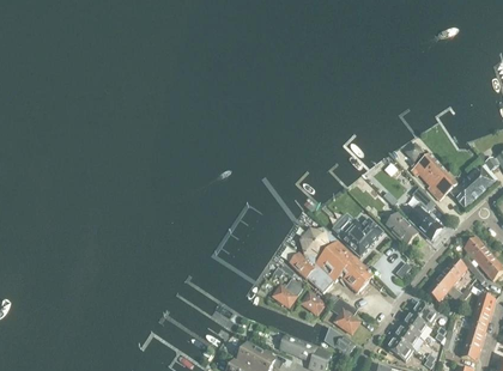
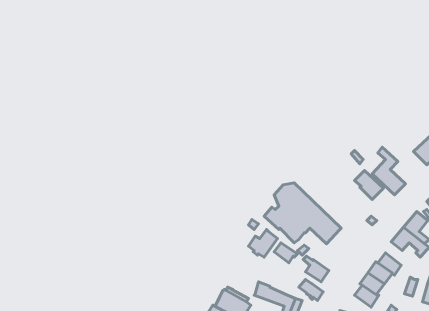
building: [405,141,456,199] -> none
building: [337,218,382,256] -> none

